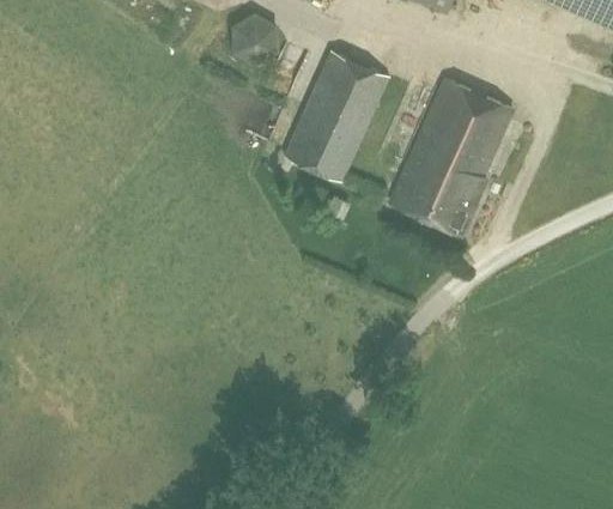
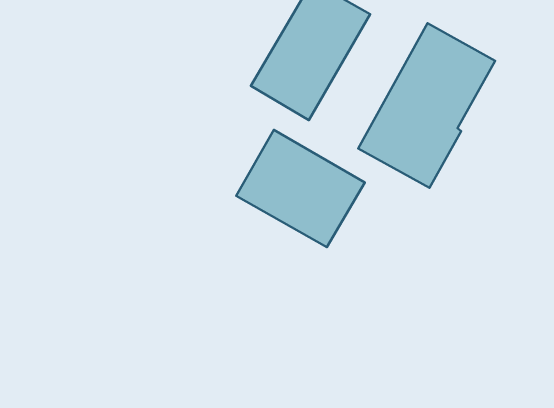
building: none -> [236,130,365,247]

